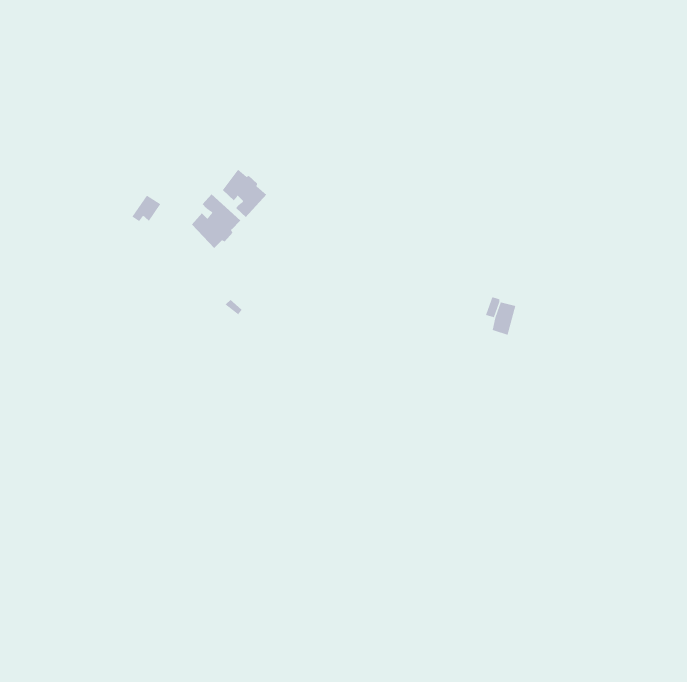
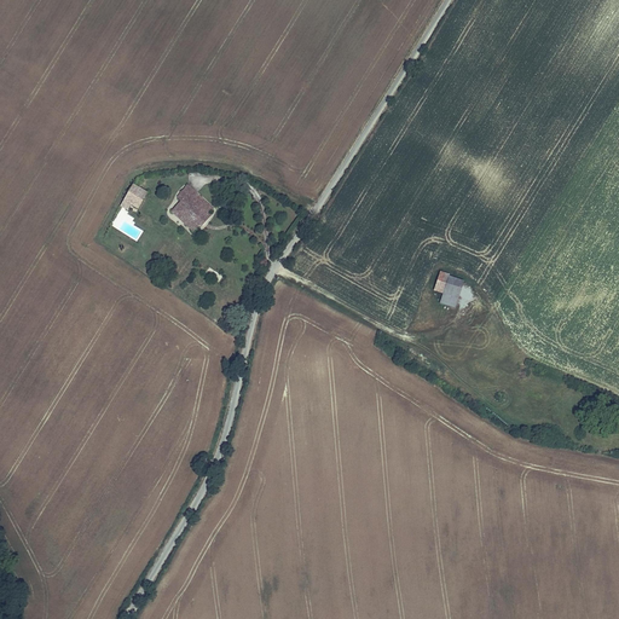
building: [222,169,267,218] -> none

